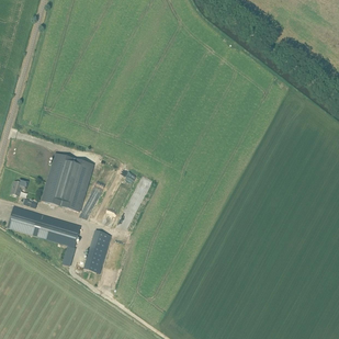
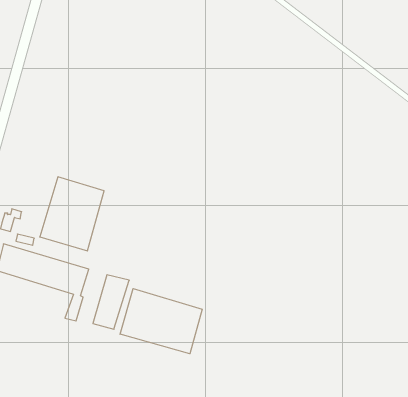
building: none -> [120,289,202,354]

